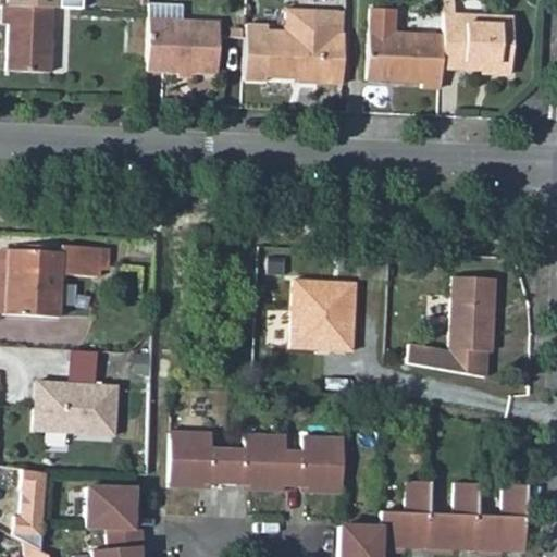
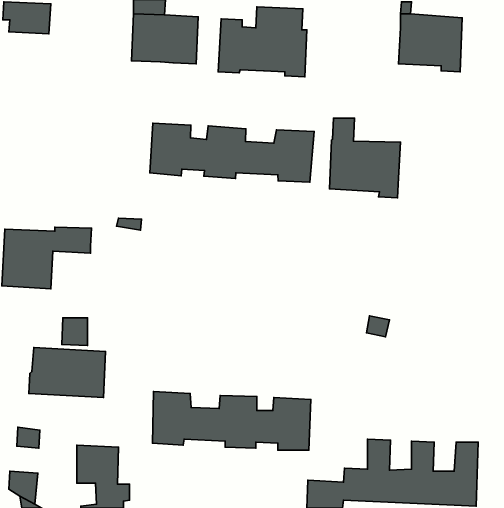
building: [366,4,443,91] -> [330,118,400,198]
building: [14,35,59,69] -> none
building: none -> [150,123,314,182]
building: [447,276,494,379] -> none
building: [289,280,356,351] -> none

